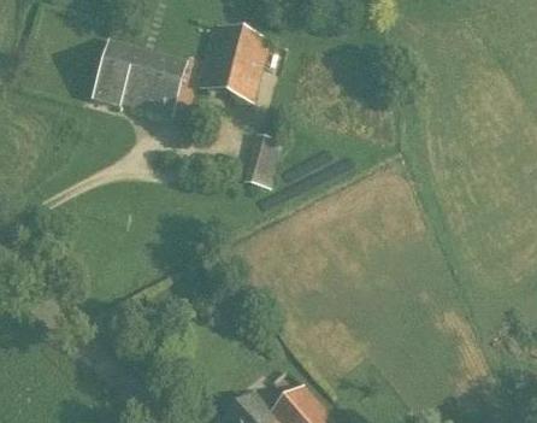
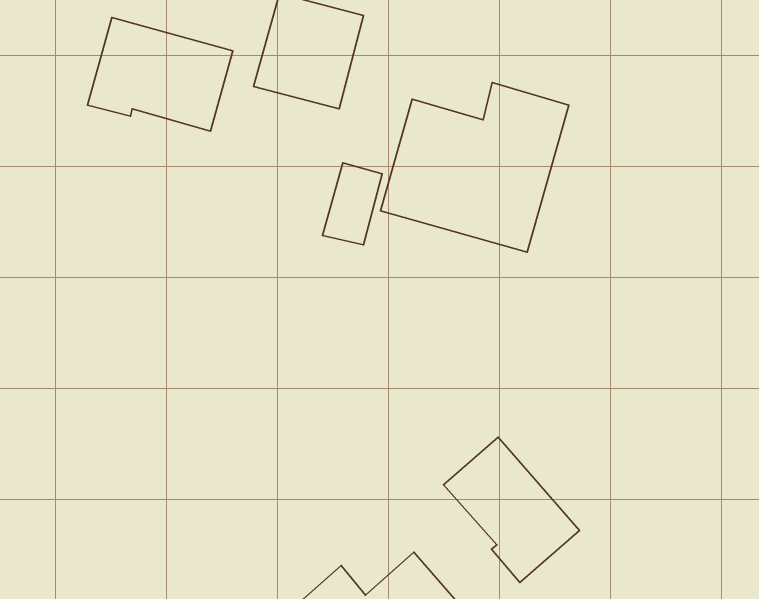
building: none -> [381,83,569,252]
building: none -> [444,437,579,582]

